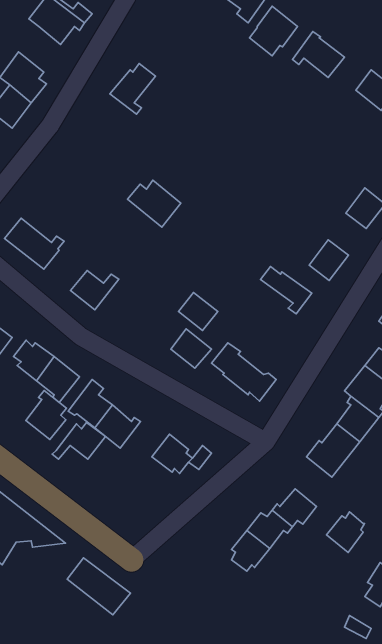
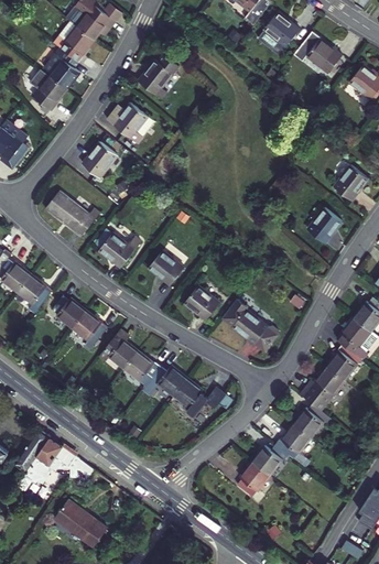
building: none -> [55,19,93,63]
building: none -> [79,143,113,178]
building: [128,180,181,227] -> [105,104,151,144]
building: [261,266,312,314] -> none
building: [178,293,218,331] -> [148,250,182,283]
building: [26,390,66,439] -> none
building: [52,422,106,459] -> [141,365,187,397]
building: [327,512,365,553] -> [296,404,329,440]
building: [67,558,131,615] -> [46,494,101,543]

